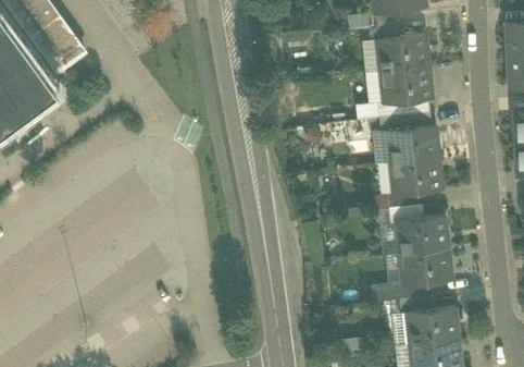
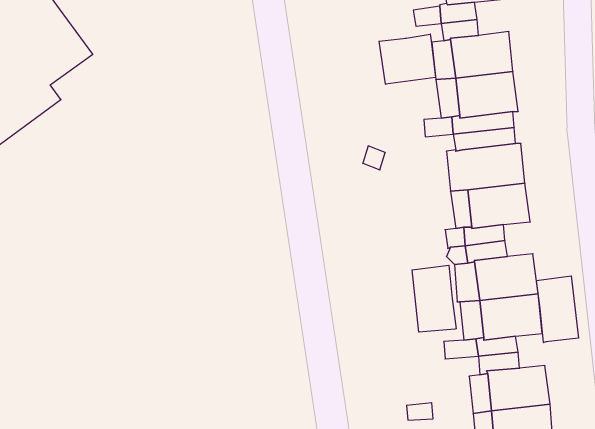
building: none -> [379,34,436,84]
building: none -> [412,265,456,332]
building: none -> [537,276,578,343]

